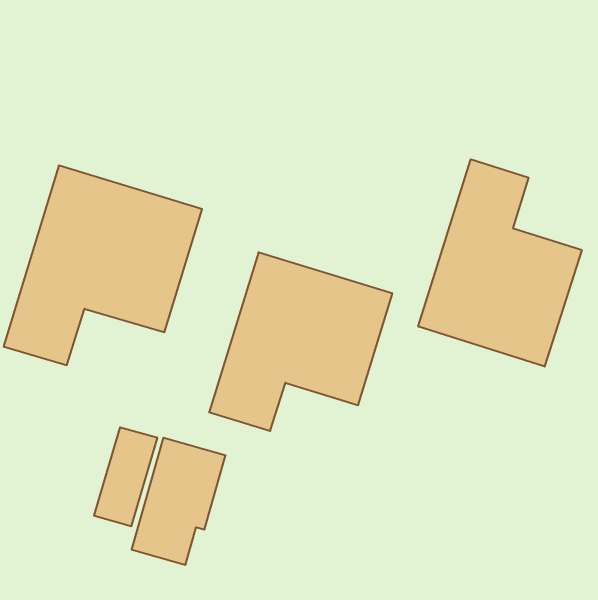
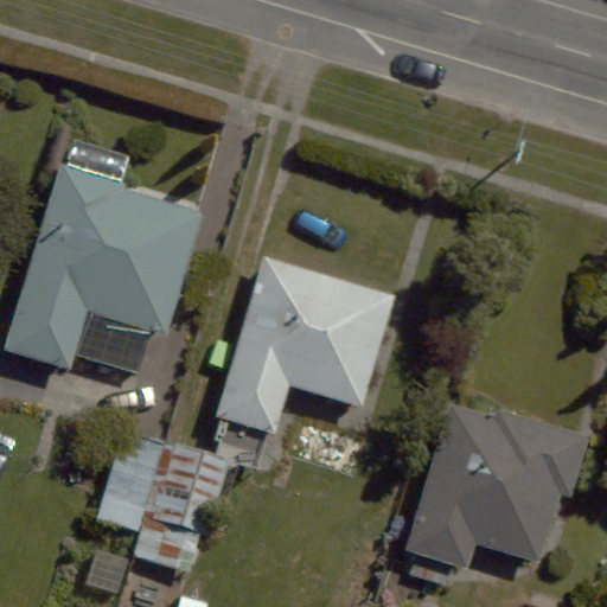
building: [418,159,582,367] -> none
building: none -> [405,405,588,567]

